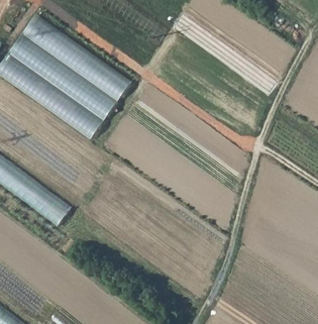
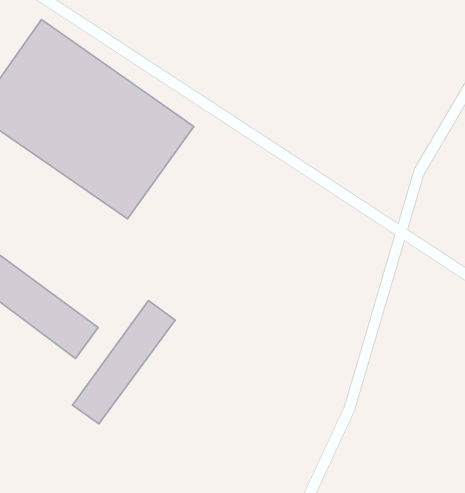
building: none -> [72,301,175,424]

